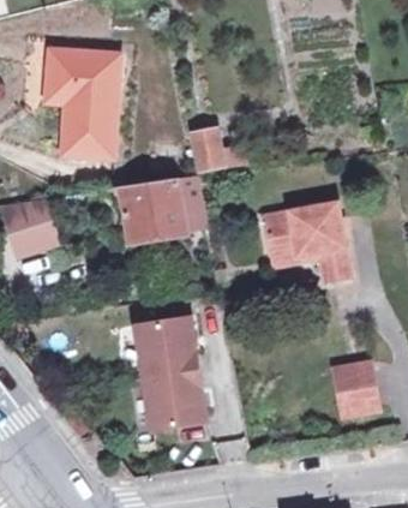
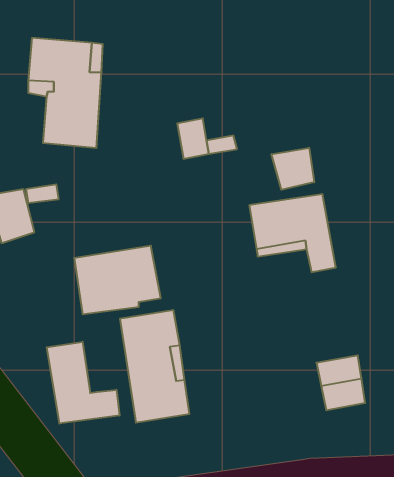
building: none -> [272,148,314,190]
building: [121,175,206,243] -> [74,246,161,314]
building: none -> [47,342,120,424]

